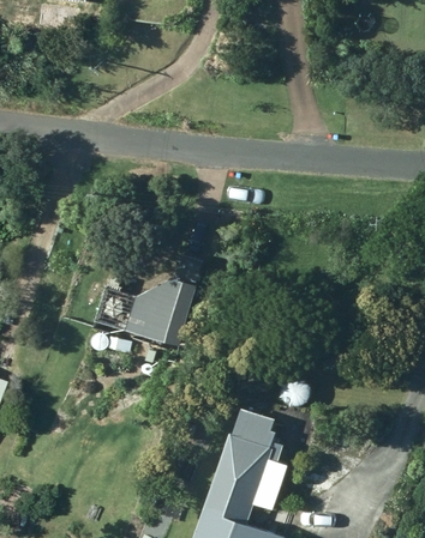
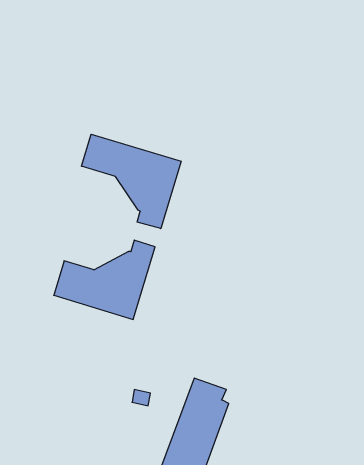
building: none -> [81,134,181,229]

